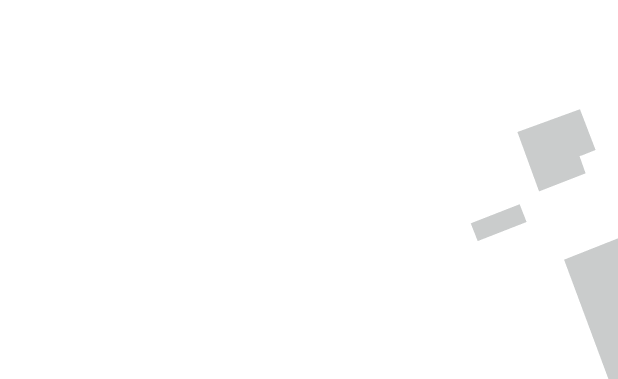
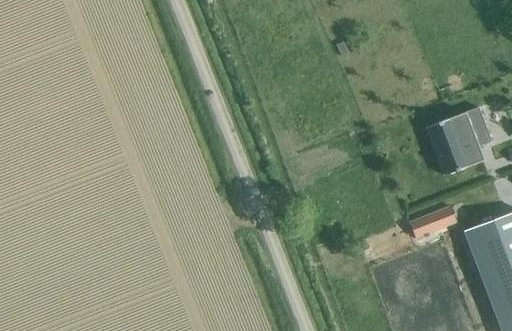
building: [470,204,527,242] -> [410,206,457,237]

